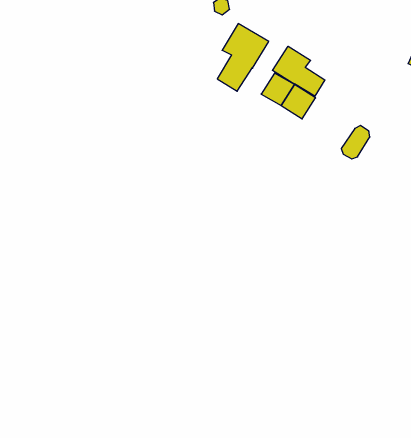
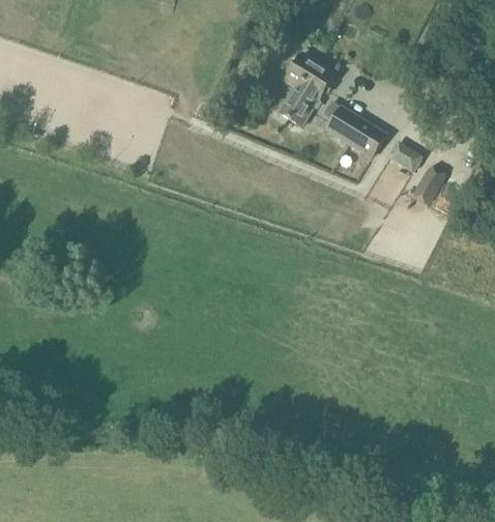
building: [272,46,325,96] -> none
building: none -> [387,140,423,172]

